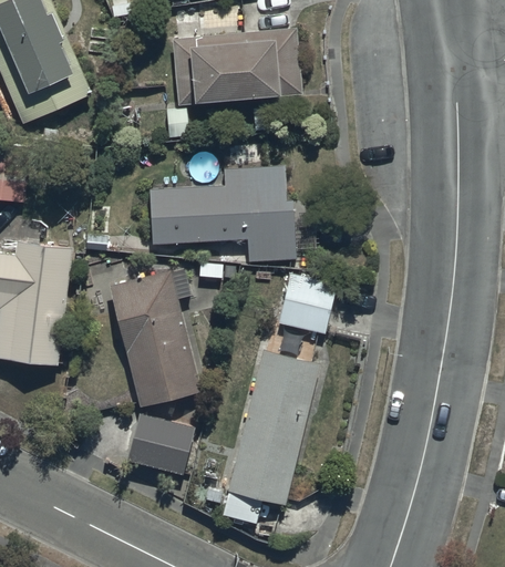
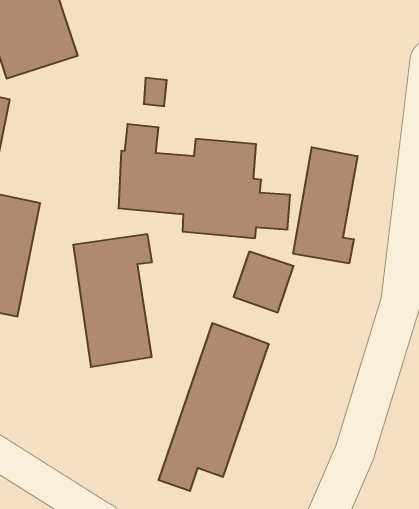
building: [172,28,301,107] -> none
building: none -> [293,147,358,263]
building: [126,412,195,476] -> none

